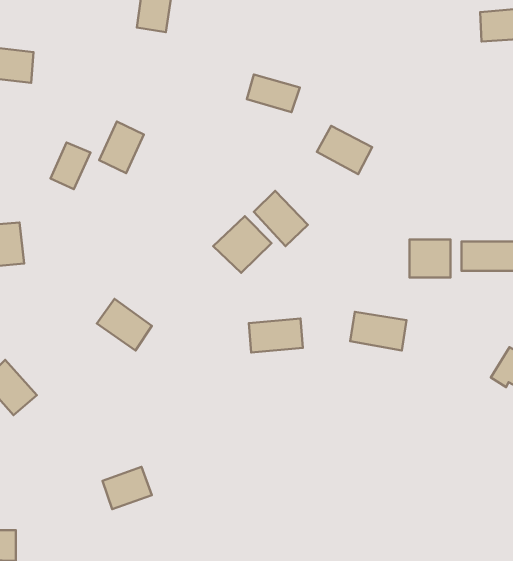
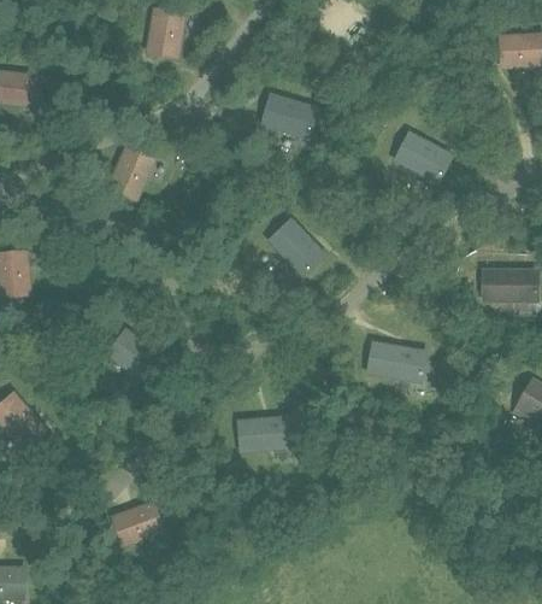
building: [317,126,372,174] -> [395,133,452,182]
building: [51,143,91,189] -> none
building: [213,216,272,273] -> none
building: [409,240,450,278] -> none
building: [249,318,303,353] -> [238,416,294,451]

